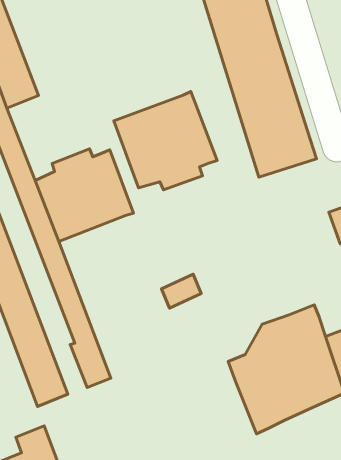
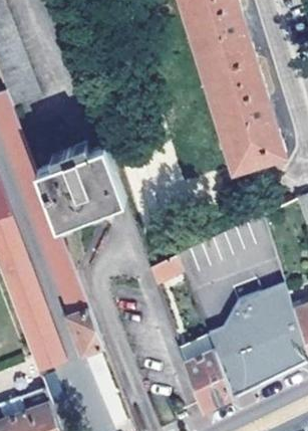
building: [114,92,217,190] -> none
building: none -> [184,348,232,409]

